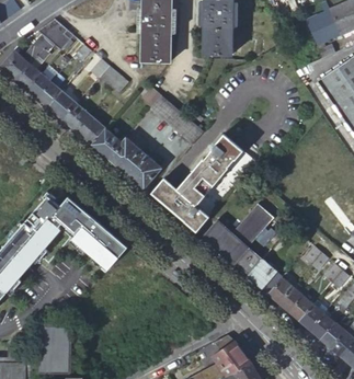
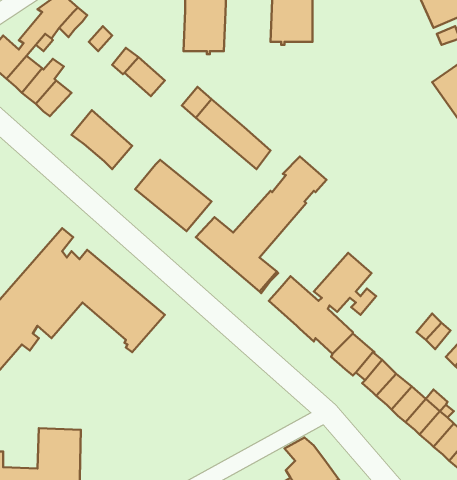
building: [47,90,77,119] -> none
building: [91,127,122,158] -> none

